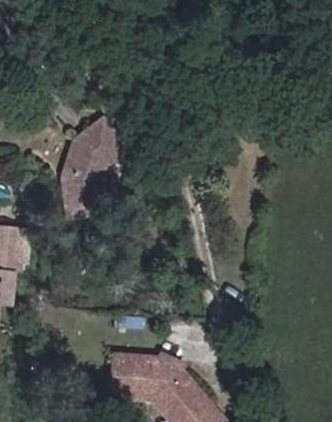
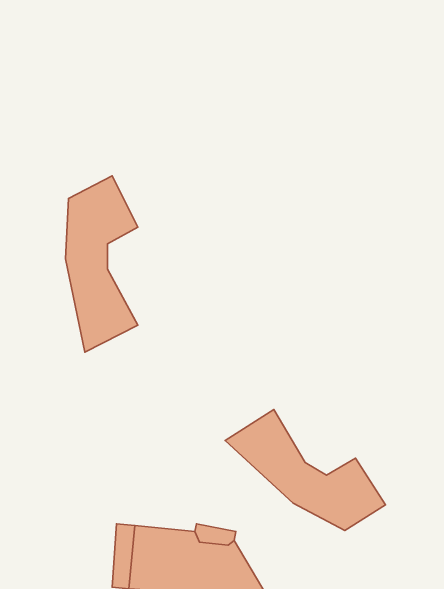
building: none -> [225,410,385,530]

